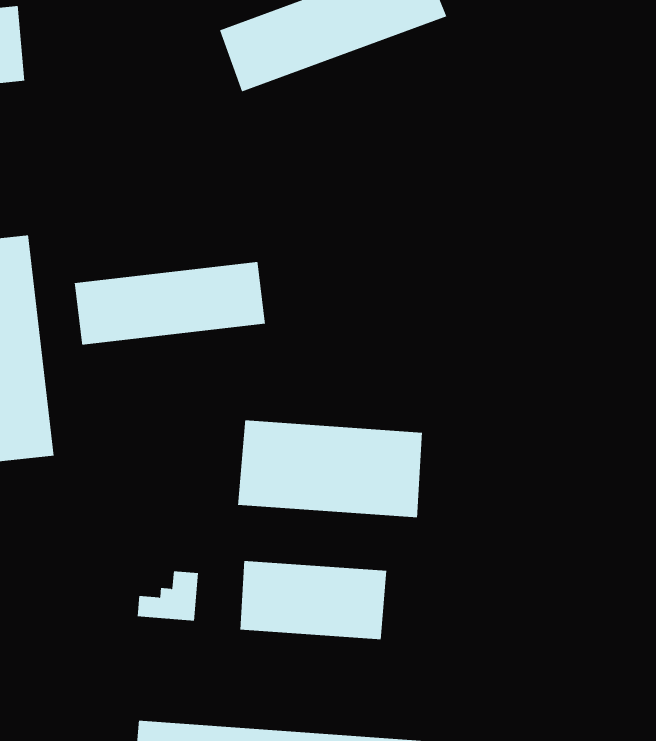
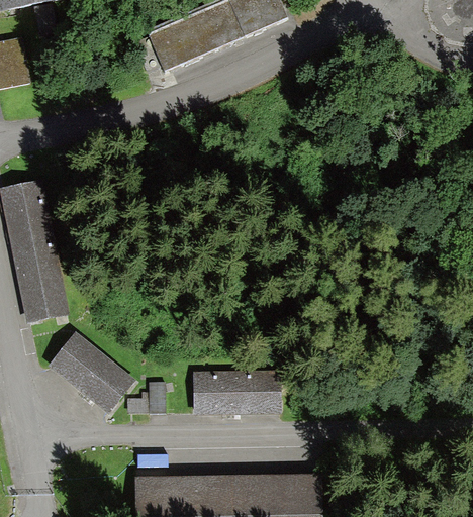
building: [74,261,266,345] -> none
building: [238,420,423,518] -> none
building: none -> [45,330,134,414]

